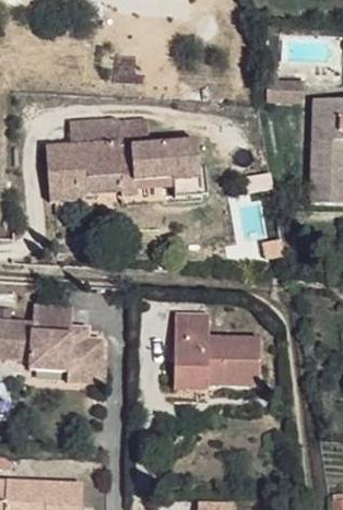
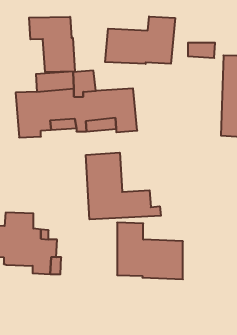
building: none -> [105,16,175,64]
building: none -> [29,17,75,72]
building: none -> [86,153,161,219]

